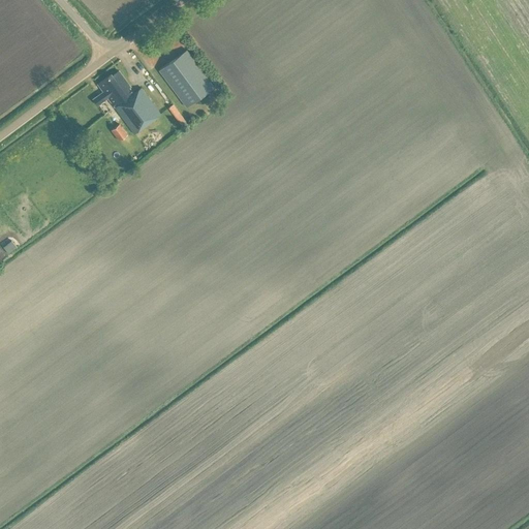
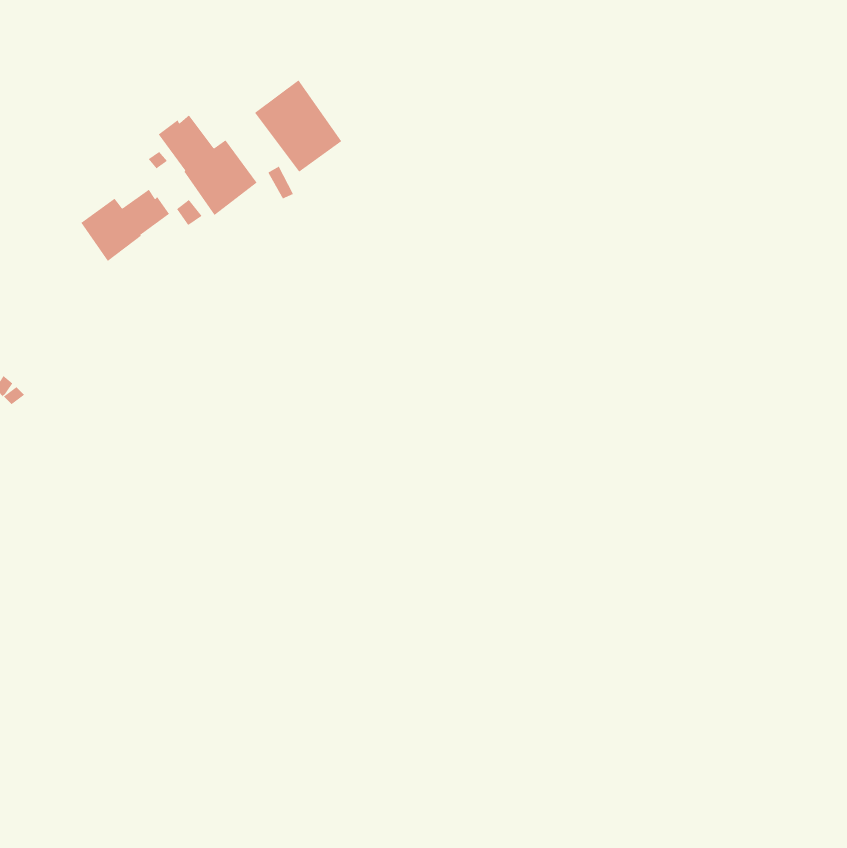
building: none -> [81,189,170,262]

